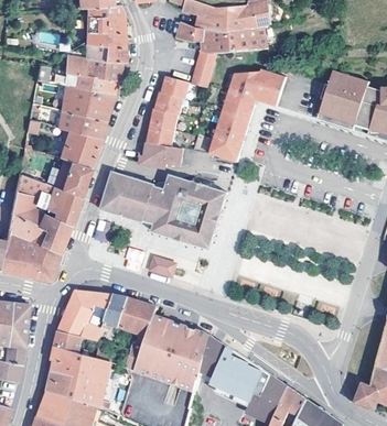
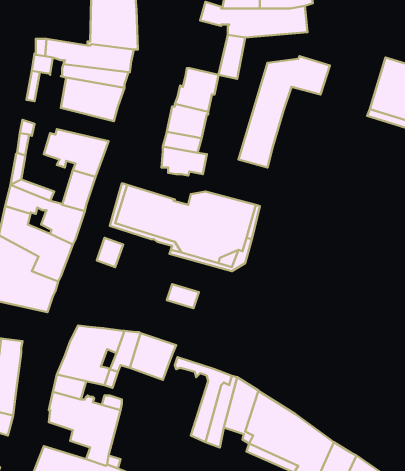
building: [233,92,277,161] -> none
building: [57,110,105,138] -> none
building: [123,315,183,382] -> none
building: [46,371,85,402] -> none

